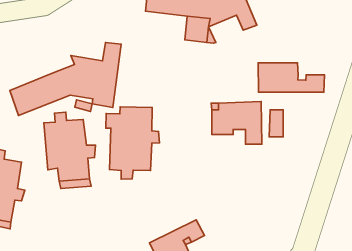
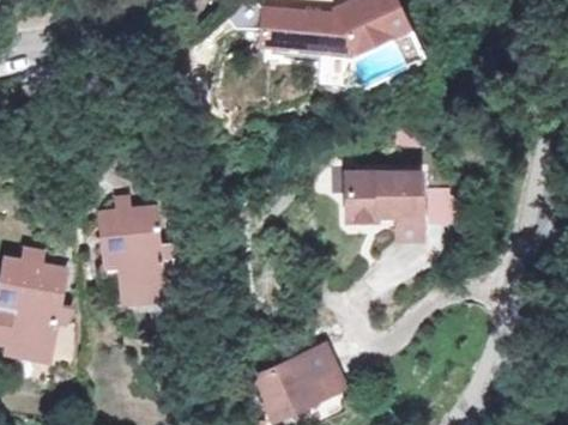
building: [10,42,121,116] -> none
building: [258,63,324,92] -> none
building: [106,107,159,179] -> none

